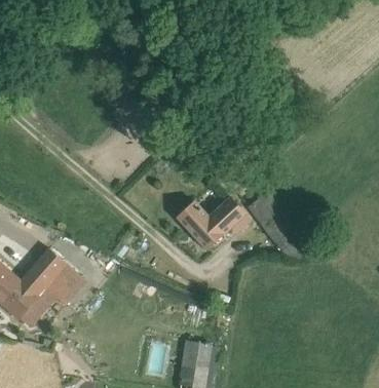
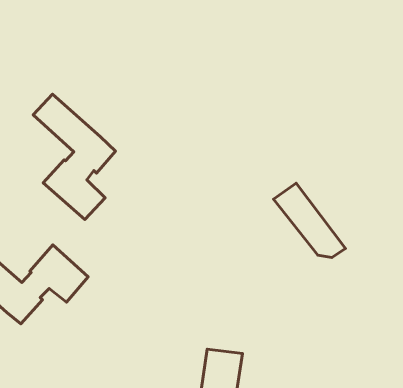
building: none -> [33,94,116,220]
building: [178,199,251,249] -> none

